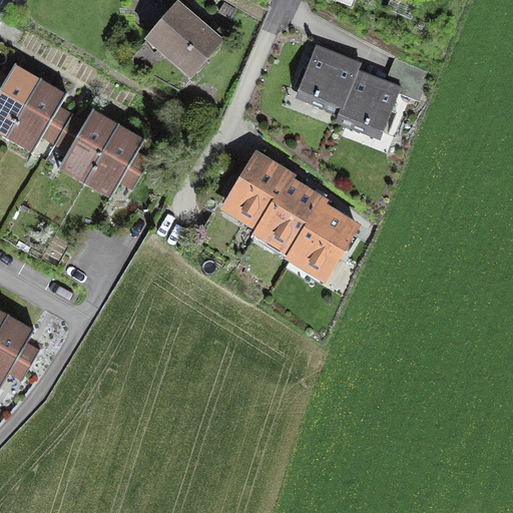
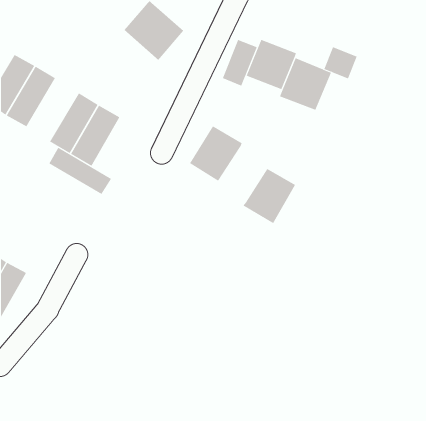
building: none -> [222,39,257,86]
building: none -> [48,147,112,195]
building: [260,177,324,243] -> none

